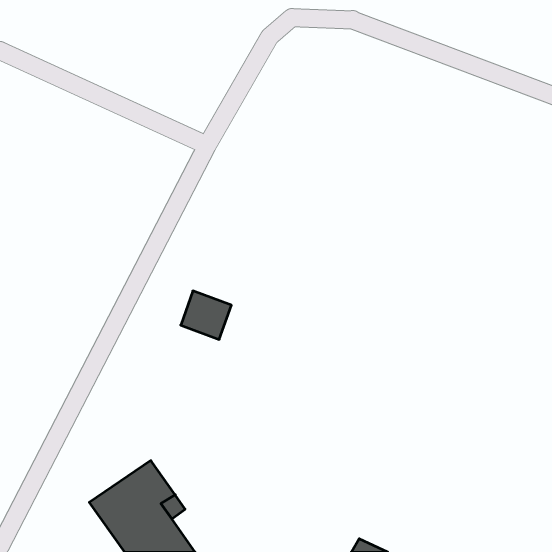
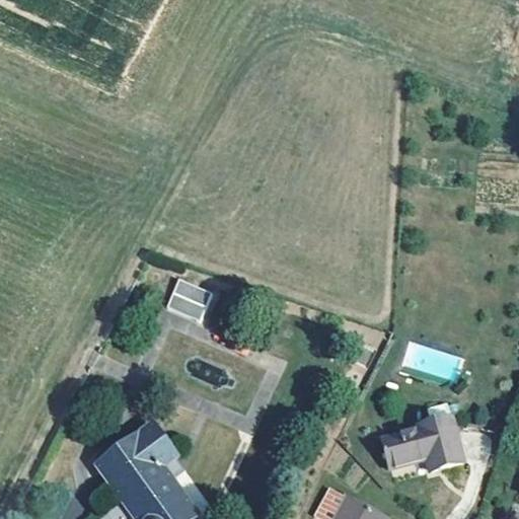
building: none -> [382,414,464,469]

